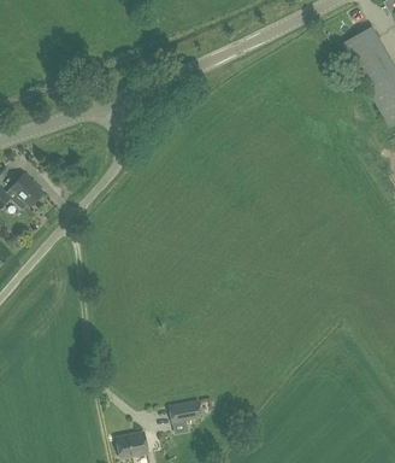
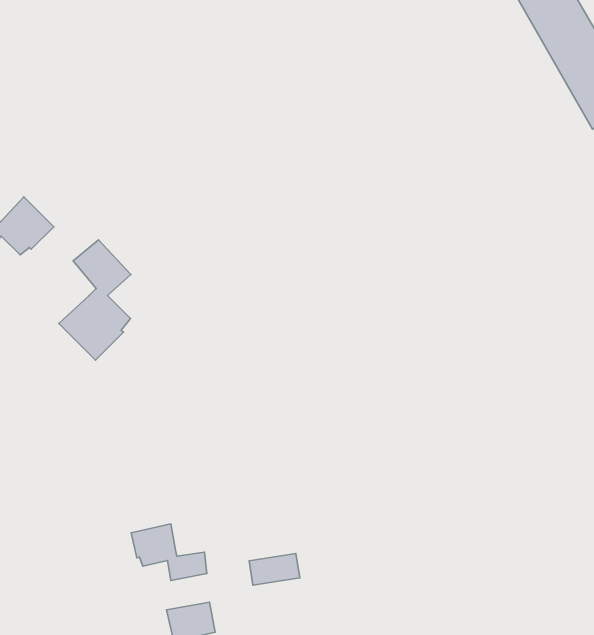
building: none -> [59,240,131,360]
building: none -> [131,524,207,581]

